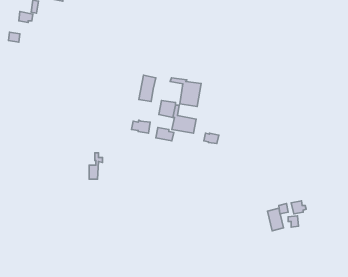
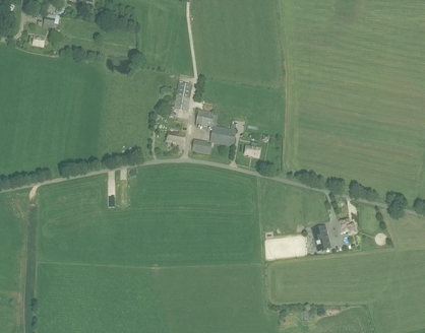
building: [170,78,201,106] -> none

